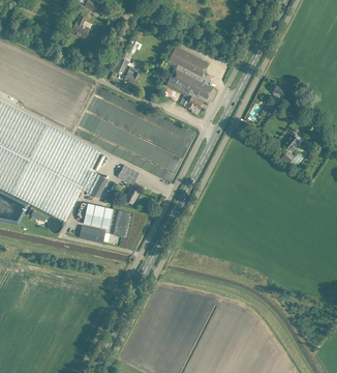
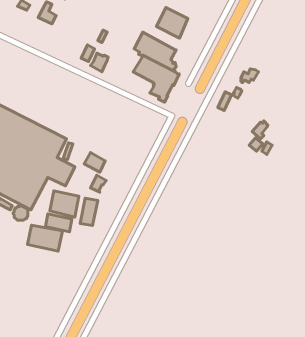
building: none -> [157,8,188,38]
building: none -> [28,225,62,251]

